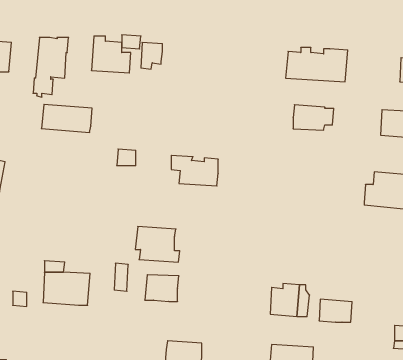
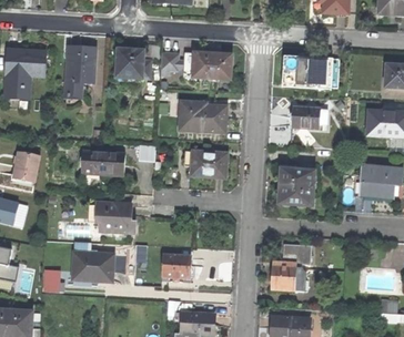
building: none -> [180,51,232,79]
building: none -> [179,100,225,131]
building: [41,104,92,132] -> [81,150,125,174]
building: none -> [279,168,314,205]
building: [135,227,180,262] -> [95,202,134,233]
building: [319,299,352,322] -> [283,243,312,263]

